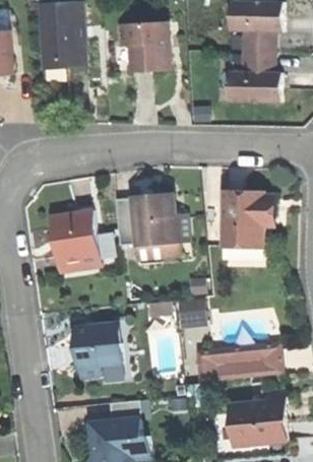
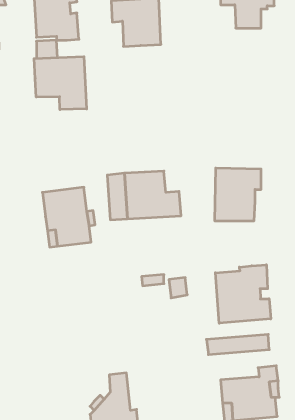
building: [228,52,281,98] -> none
building: none -> [34,57,87,110]
building: none -> [215,265,271,323]
building: [72,321,124,378] -> none

